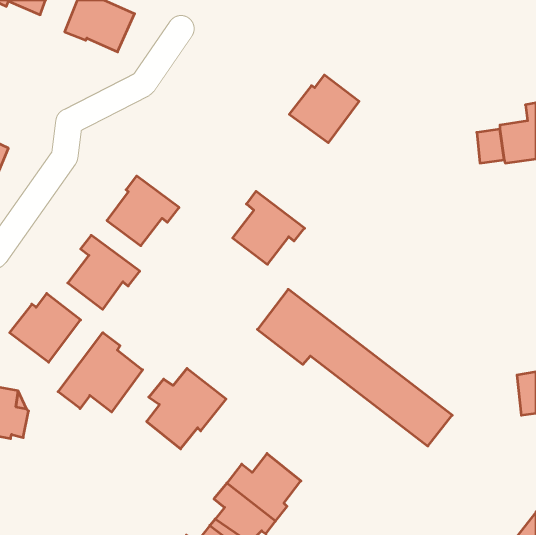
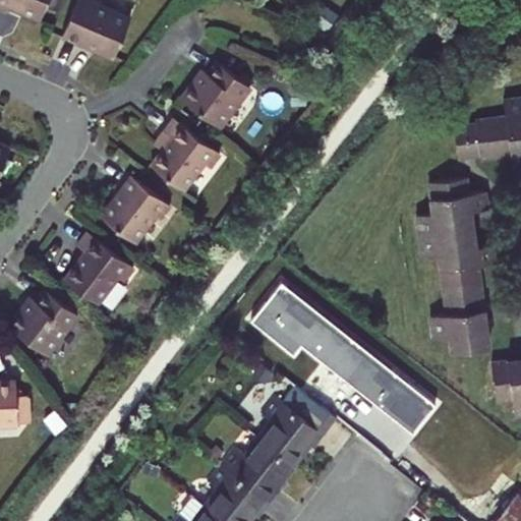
building: [289,75,359,143] -> [182,62,249,127]
building: none -> [419,183,497,355]
building: [233,191,305,264] -> [152,119,221,189]
building: [58,333,143,412] -> none
building: [147,368,226,449] -> [256,391,333,468]

